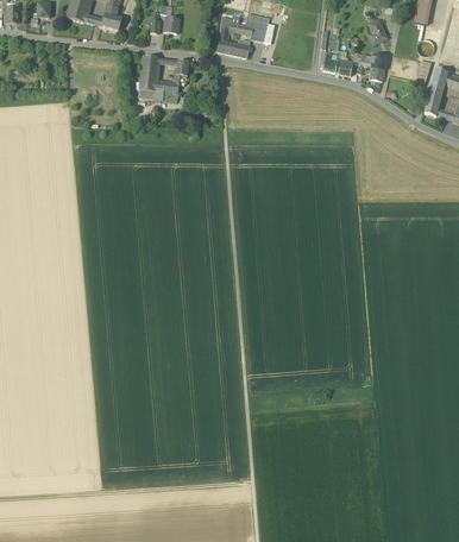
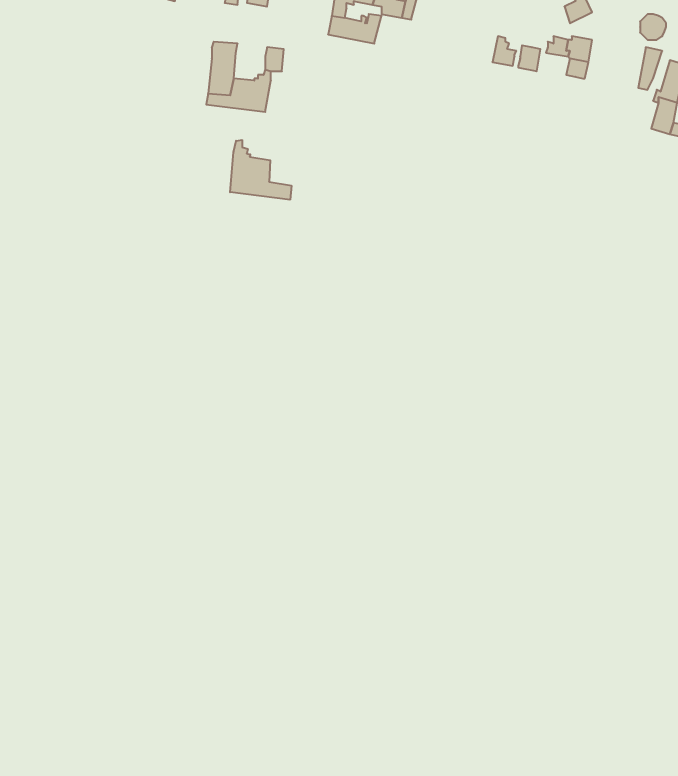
building: none -> [230,140,291,200]

